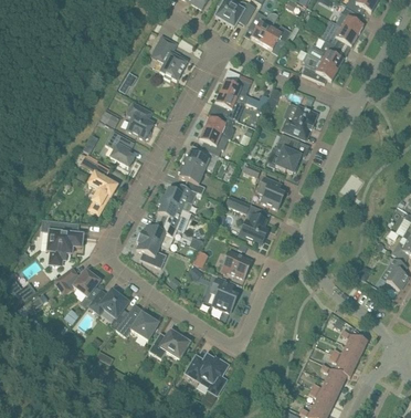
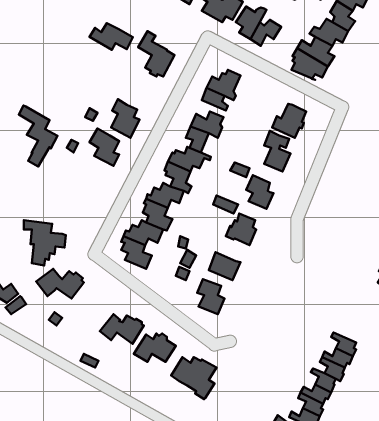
building: none -> [89,23,133,50]
building: [80,155,117,215] -> [19,105,58,166]
building: [87,290,128,318] -> none

